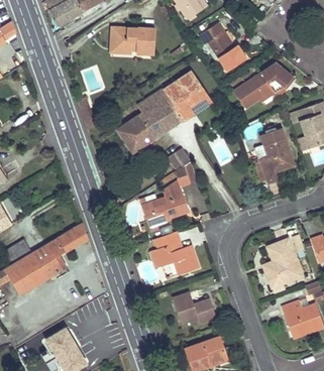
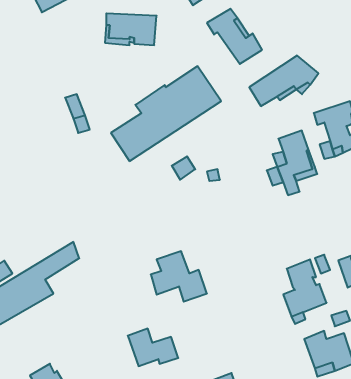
building: [143,180,190,225] -> none
building: [173,291,216,324] -> [128,329,178,366]

